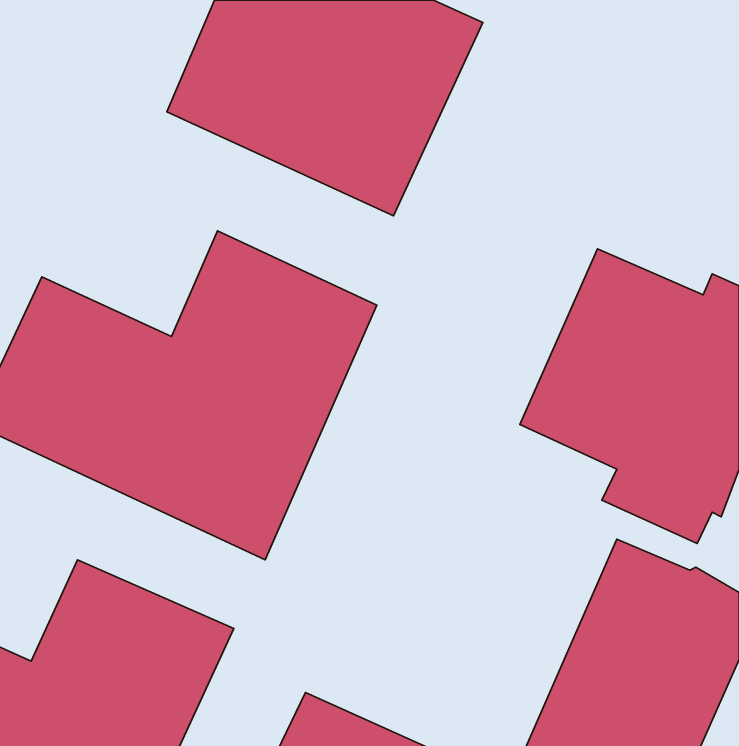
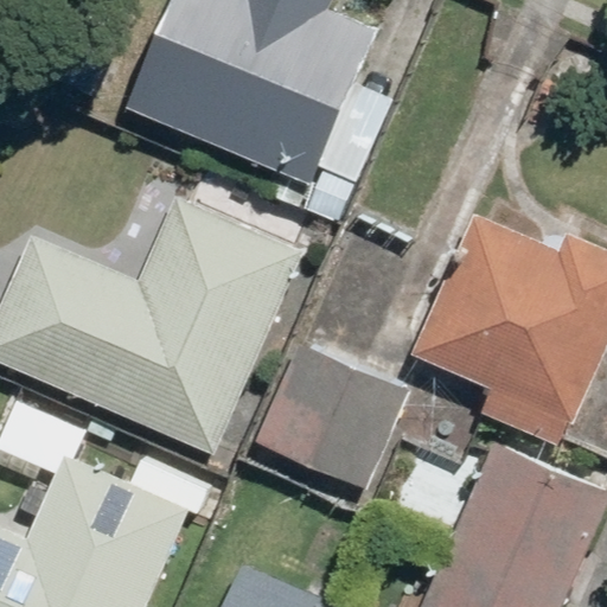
building: none -> [250,339,413,493]

